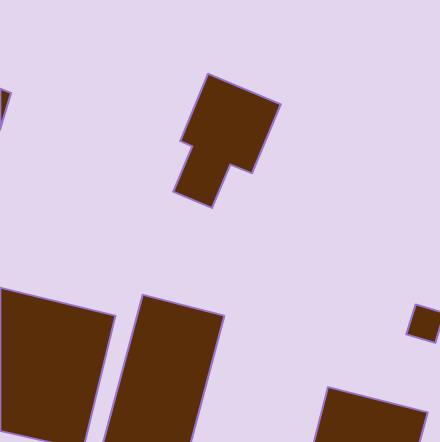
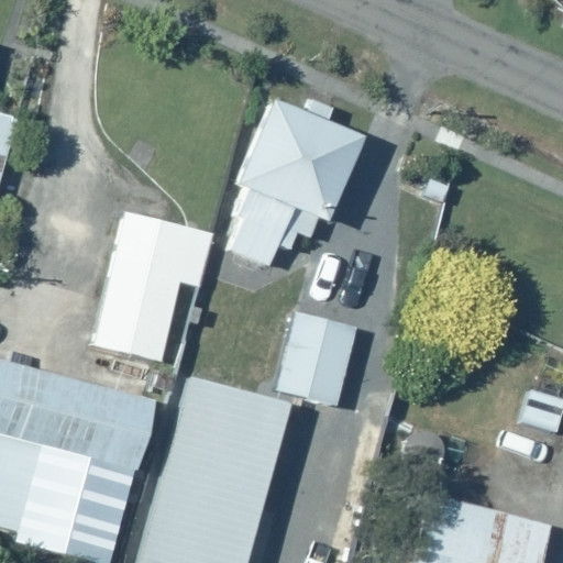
building: none -> [97,208,218,367]
building: none -> [276,311,357,408]

